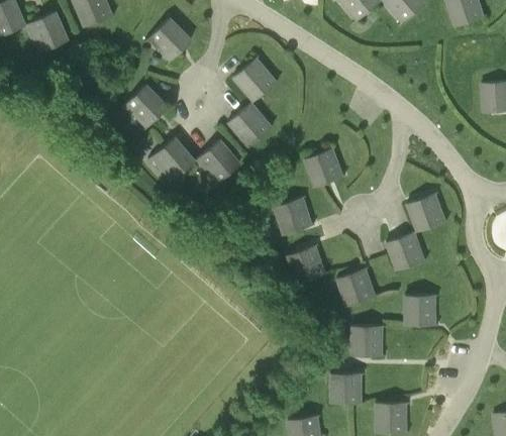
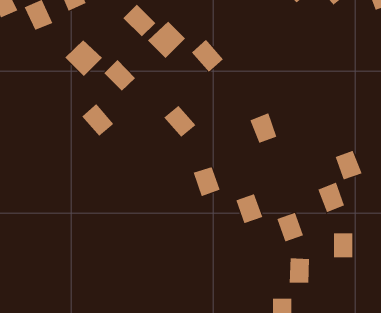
building: none -> [147,21,186,59]
building: none -> [65,40,103,77]
building: [229,106,268,145] -> none
building: [156,137,195,178] -> [82,103,114,136]
building: [275,199,308,235] -> [193,167,220,197]

